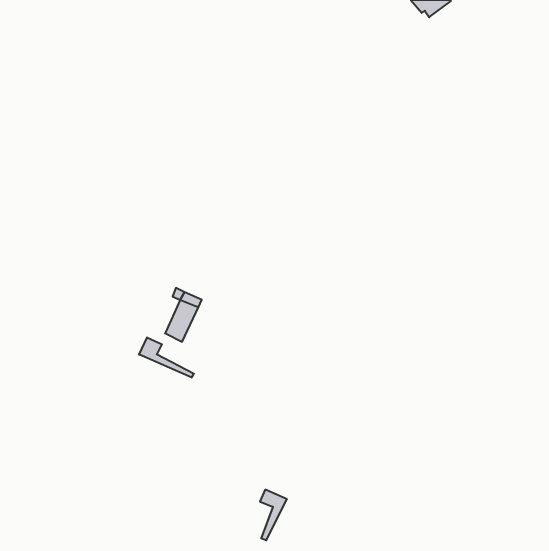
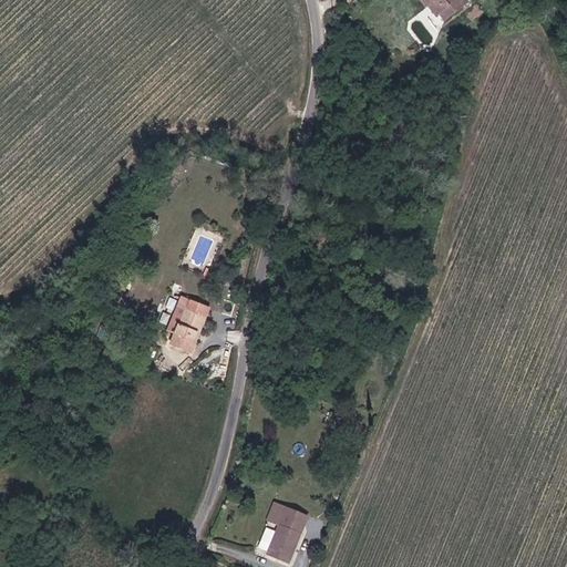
building: [139,337,194,378] -> none
building: none -> [274,513,308,561]

